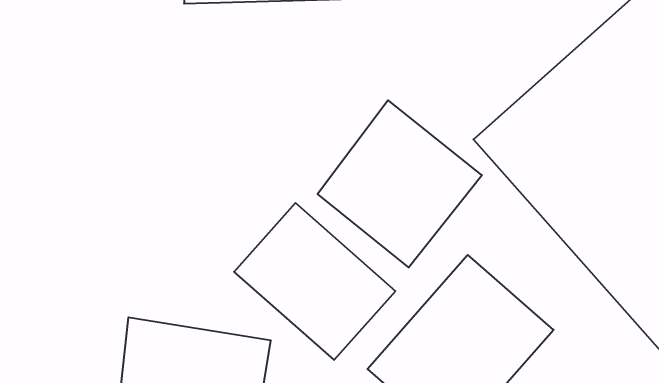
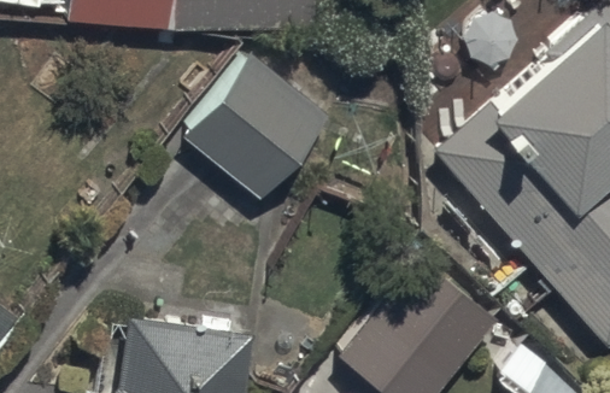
building: [318,100,482,267] -> [183,48,329,196]
building: [234,203,395,360] -> none

